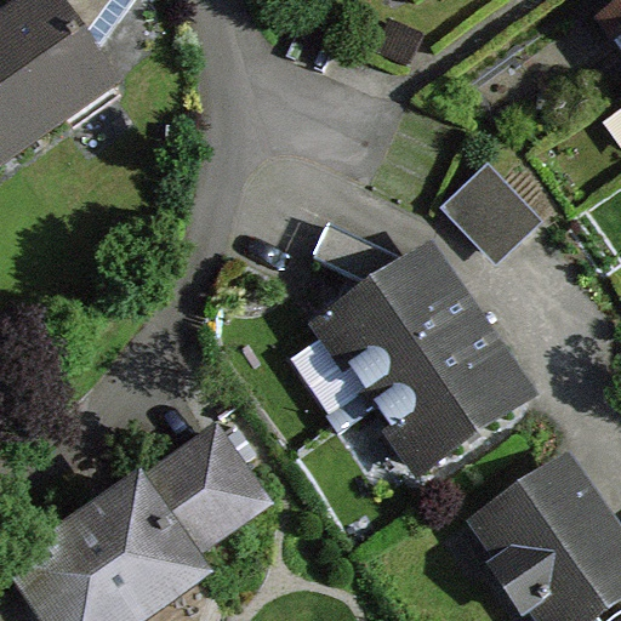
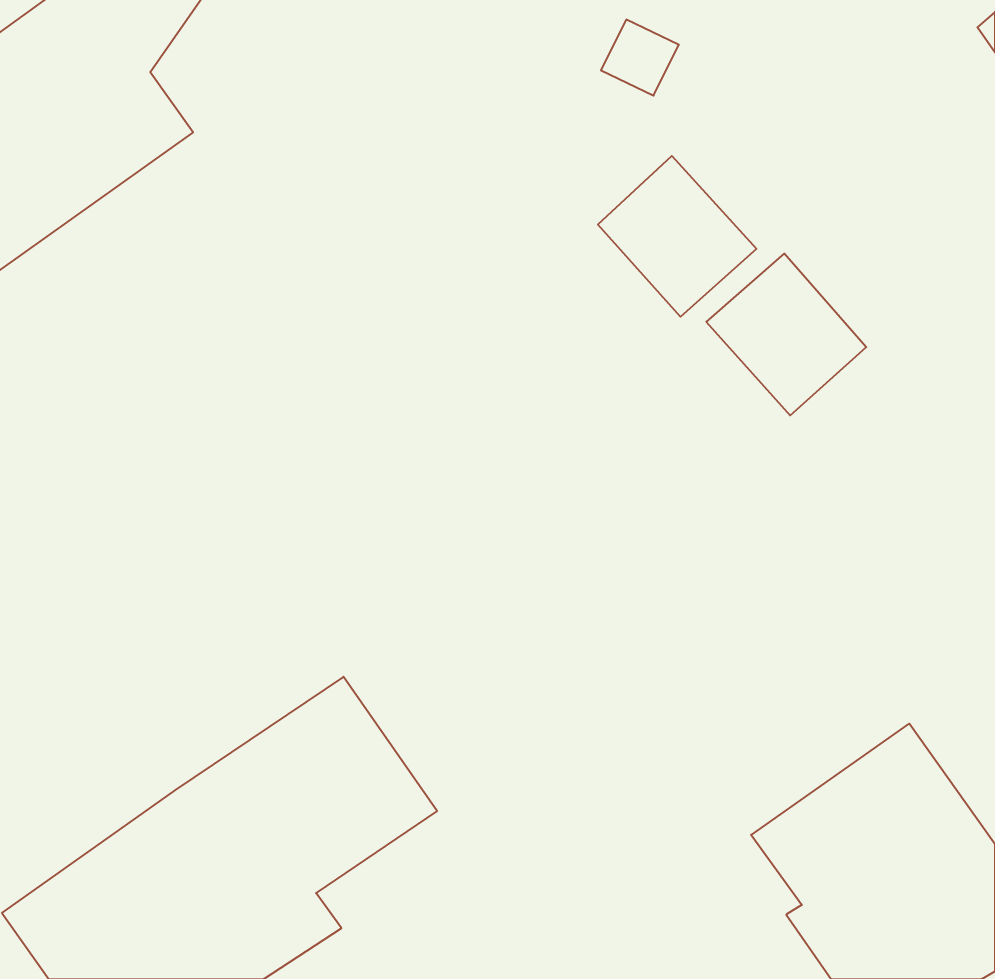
building: none -> [598,156,756,317]
building: [304,243,537,475] -> none

